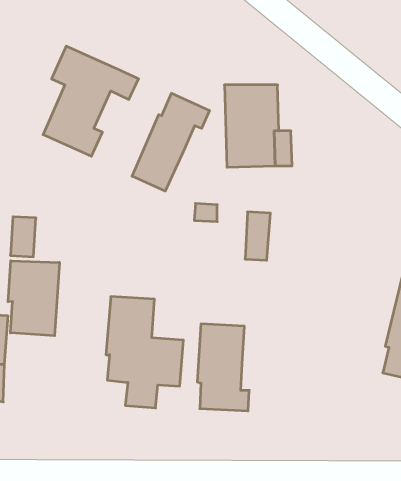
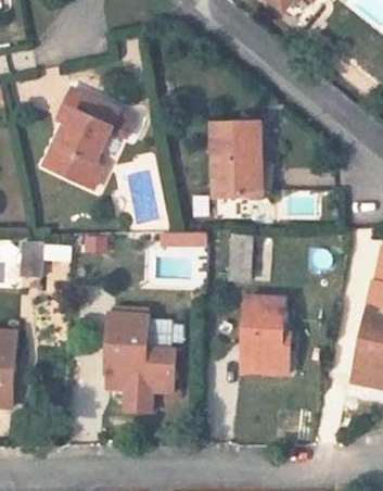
building: [132,93,209,191] -> none
building: [8,261,59,336] -> none
building: [197,324,249,411] -> [242,295,289,374]

